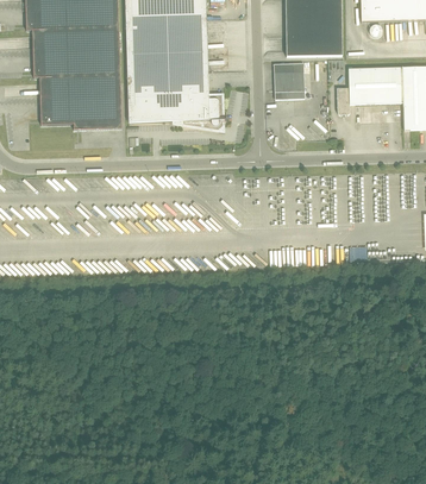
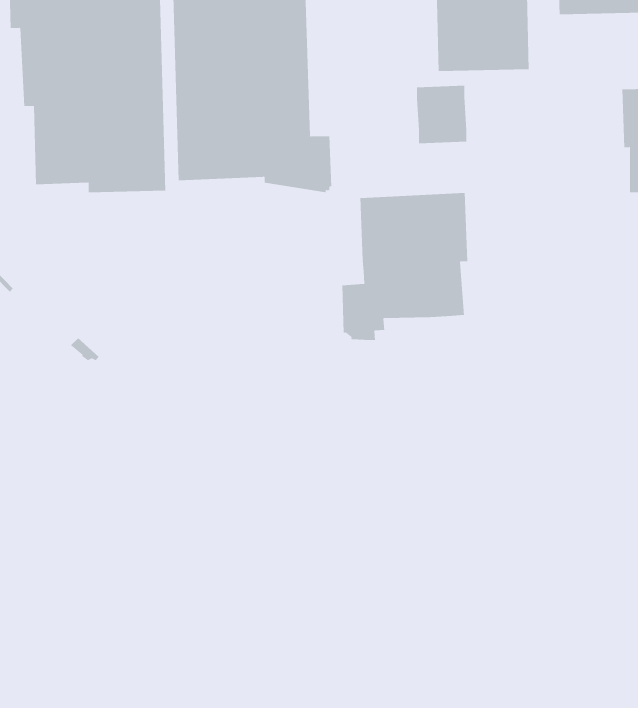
building: [336,65,399,113] -> none
building: none -> [342,192,468,341]

